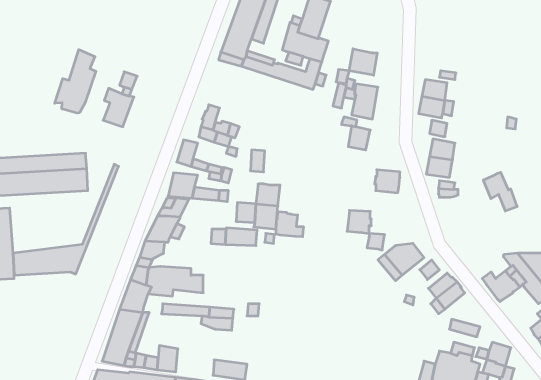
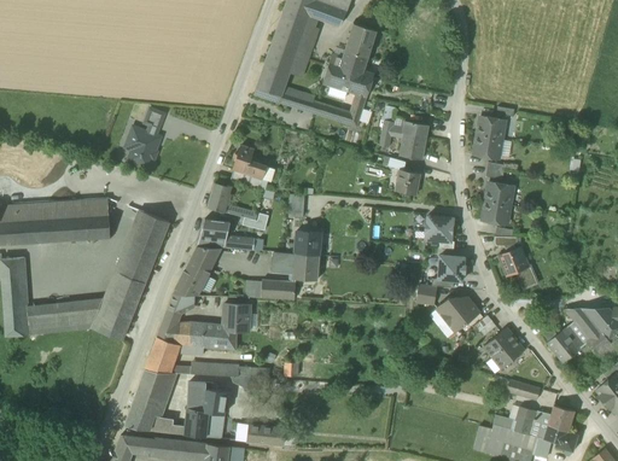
building: [349,49,377,75] -> none
building: [55,50,96,113] -> none
building: none -> [97,211,169,339]
building: [483,172,517,211] -> [500,246,537,288]
building: [347,210,371,233] -> [438,255,465,280]
building: [276,212,303,237] -> none
building: none -> [223,303,250,331]
building: none -> [188,381,227,438]

